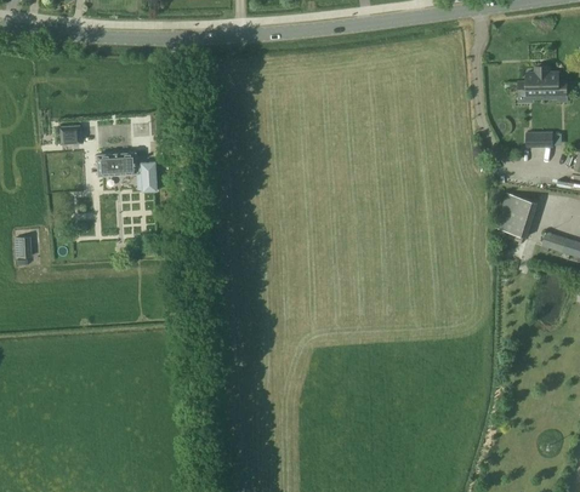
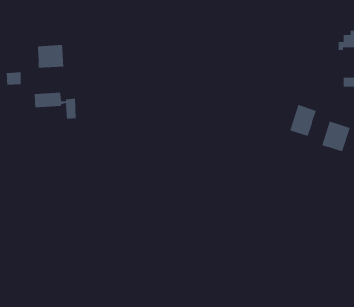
building: none -> [37,44,64,68]
building: none -> [289,104,317,137]

